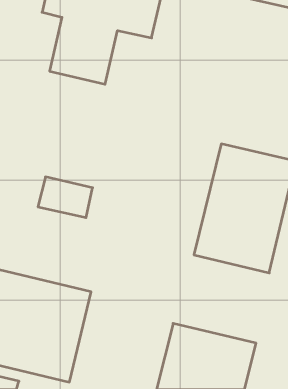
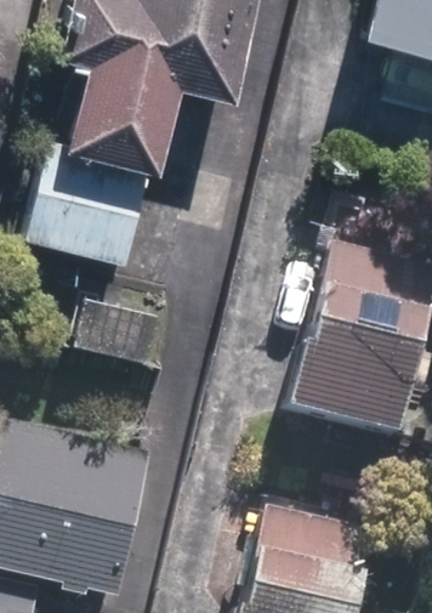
building: none -> [19,144,150,260]

